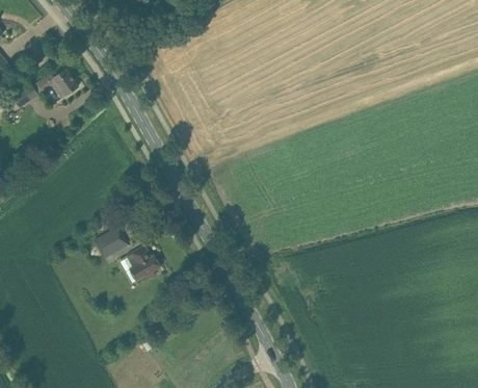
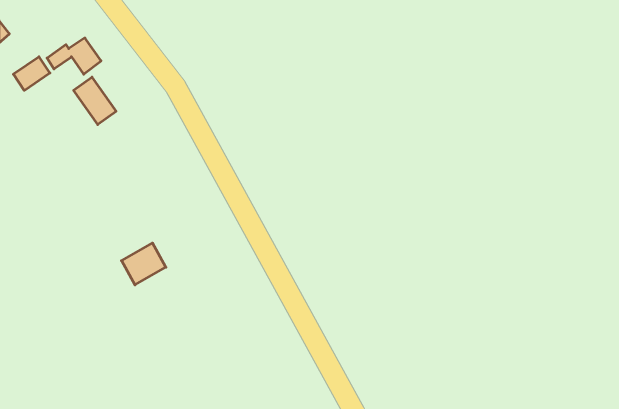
building: none -> [74,77,116,125]
building: [125,245,160,284] -> none

